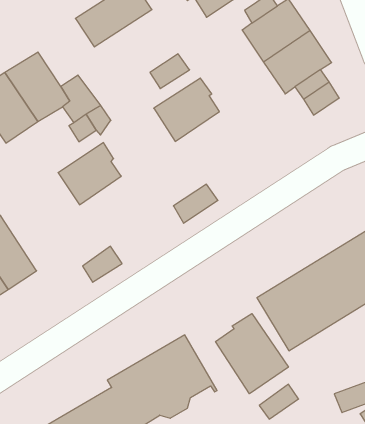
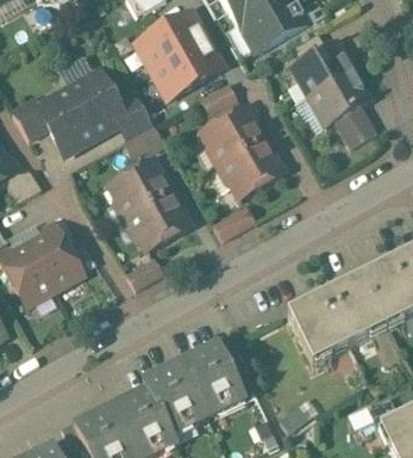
building: none -> [151,39,223,99]
building: none -> [220,138,282,194]
building: none -> [127,192,188,248]
building: [216,314,288,394] -> none

